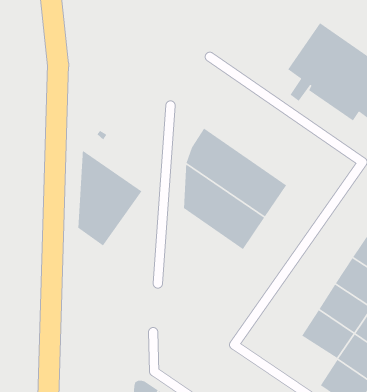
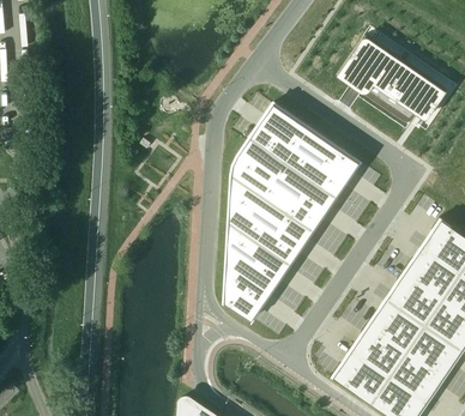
building: none -> [250,103,360,197]
building: [78,149,142,247] -> [224,221,291,321]
building: none -> [333,352,388,404]

